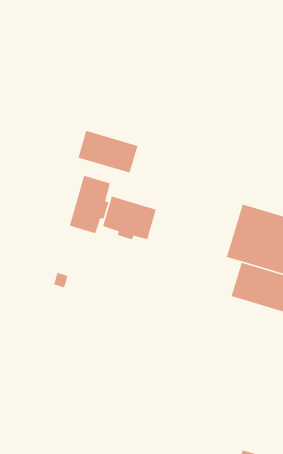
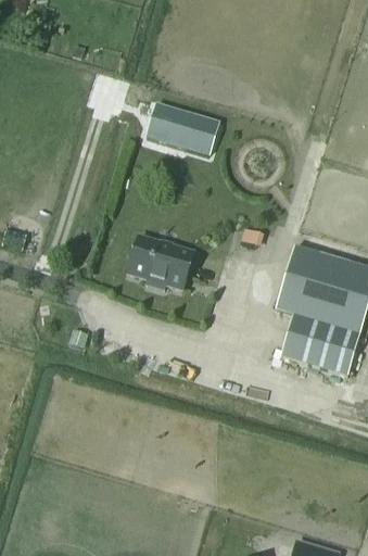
building: [77,130,138,174] -> [155,106,228,159]
building: [69,175,111,234] -> none

